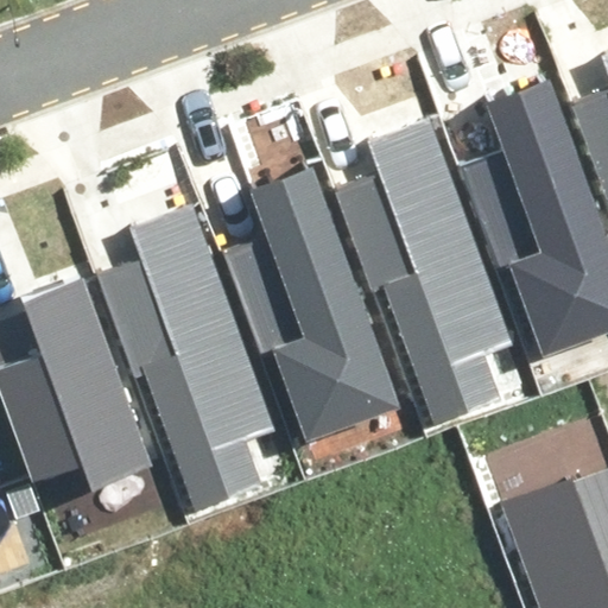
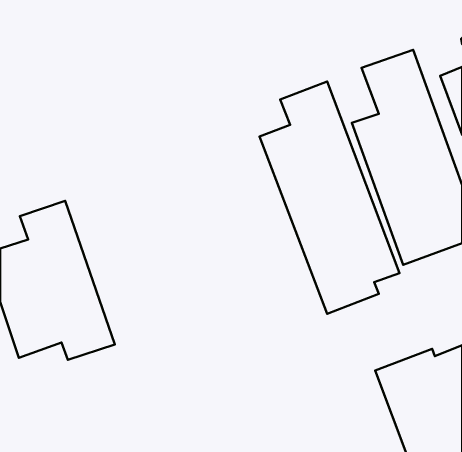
building: [235,156,405,439] -> none
building: [115,209,298,513] -> none

